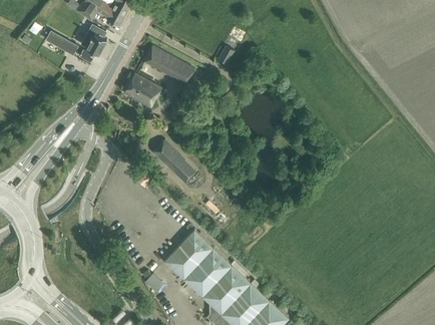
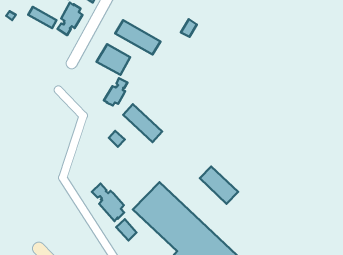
building: none -> [104,78,128,106]
building: none -> [200,166,238,204]
building: none -> [92,183,124,221]

